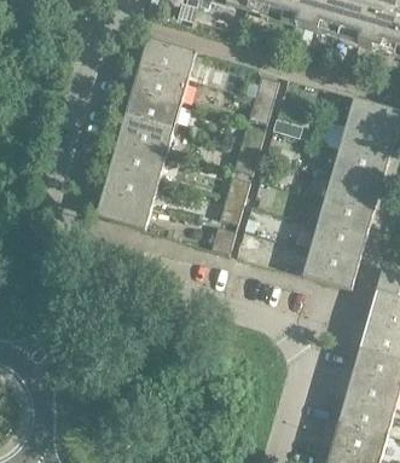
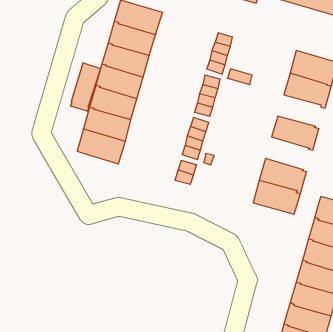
building: none -> [71,63,101,111]
building: [331,147,387,187] -> none
building: [317,197,372,238] -> none

